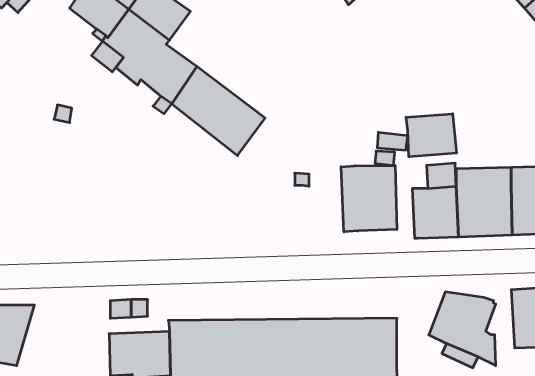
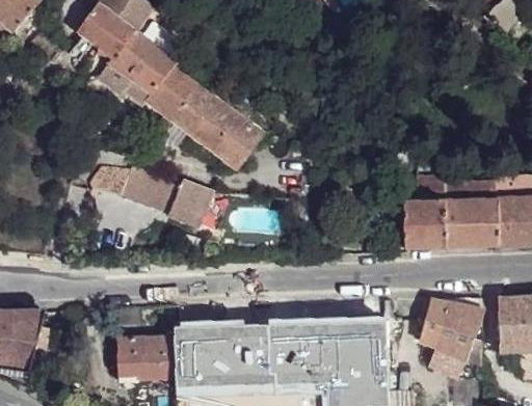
building: [406,114,456,157] -> none
building: none -> [91,165,214,226]
building: [341,165,397,232] -> none

